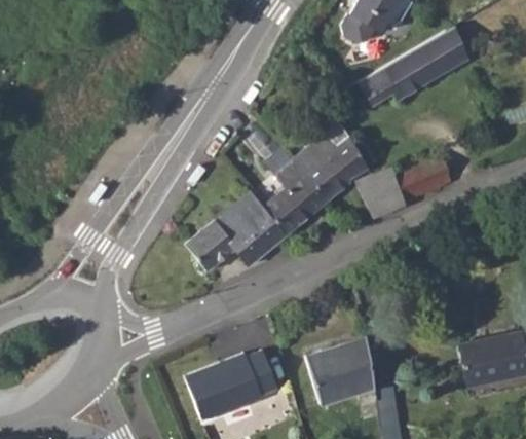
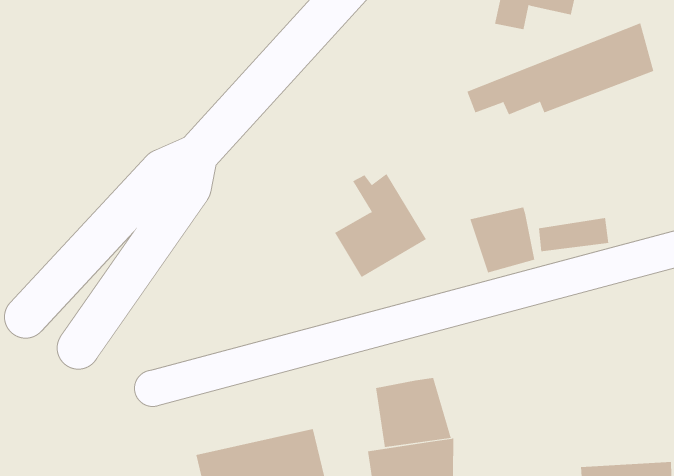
building: [292,135,368,200] -> none
building: [185,190,285,268] -> none
building: none -> [376,377,451,448]

